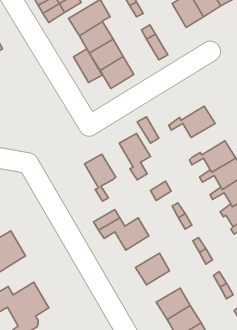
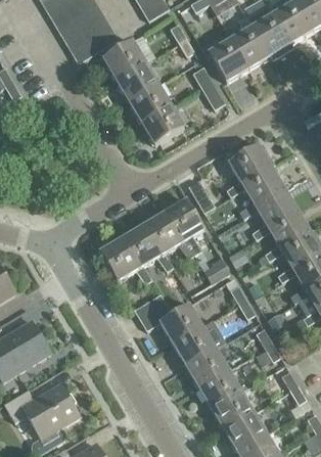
building: none -> [209,39,248,81]
building: [74,49,102,83] -> none
building: none -> [229,144,275,183]
building: none -> [239,187,296,229]
building: none -> [144,212,183,270]
building: none -> [100,237,140,280]
building: none -> [174,326,216,365]
building: none -> [199,369,241,408]

